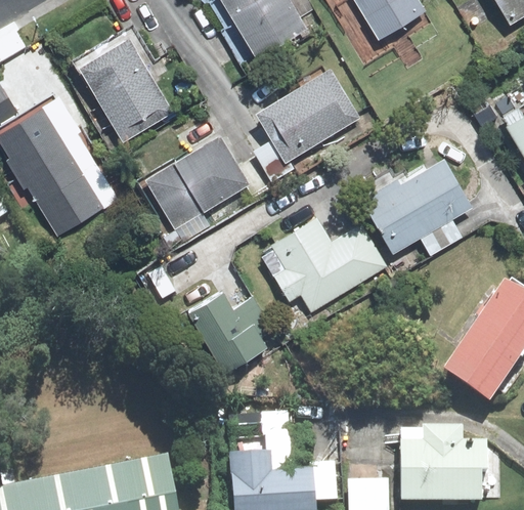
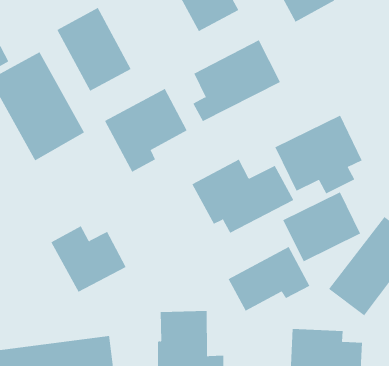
building: none -> [283,192,361,262]
building: [184,289,282,374] -> [50,225,126,292]
building: none -> [228,246,310,311]

